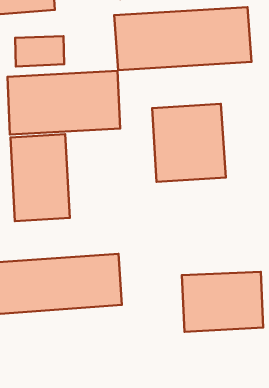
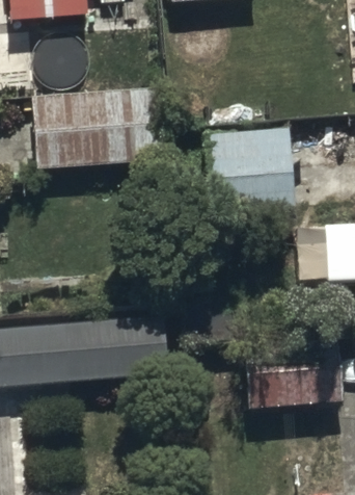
building: [114,7,252,70] -> none
building: [10,134,70,221] -> none

